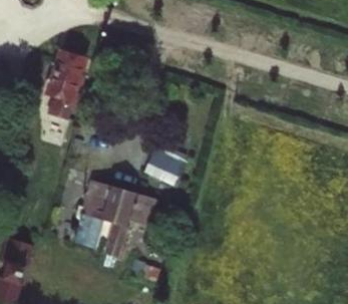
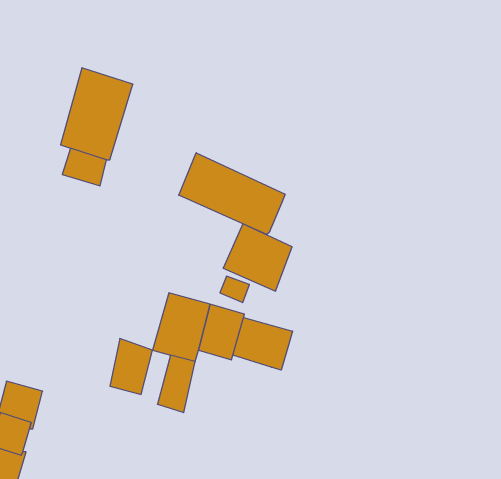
building: none -> [179,153,285,234]
building: [81,179,111,220] -> none
building: none -> [233,317,293,370]

